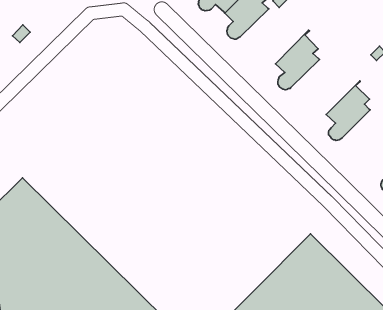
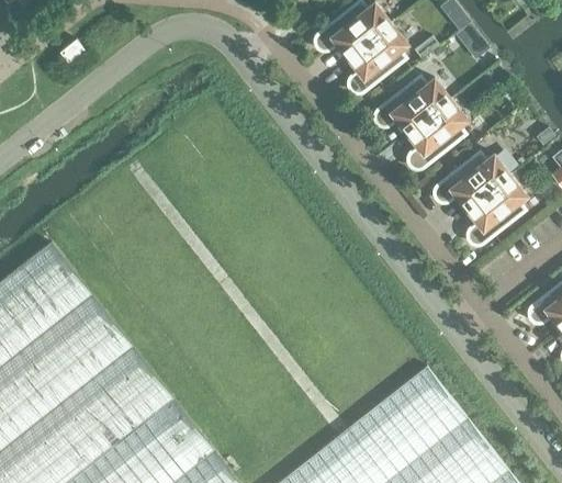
building: none -> [374,76,457,133]
building: none -> [434,151,517,209]

